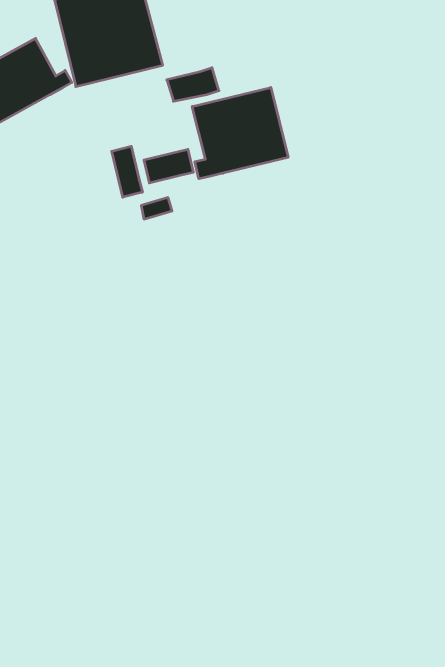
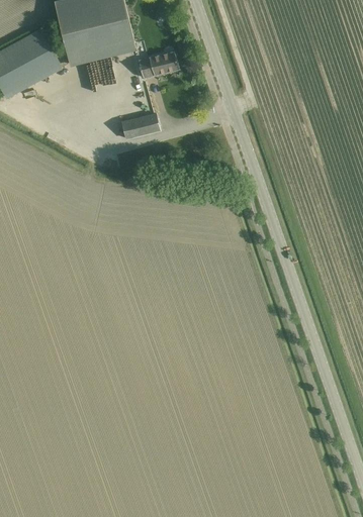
building: [192,87,288,179] -> none
building: [112,146,142,197] -> none

